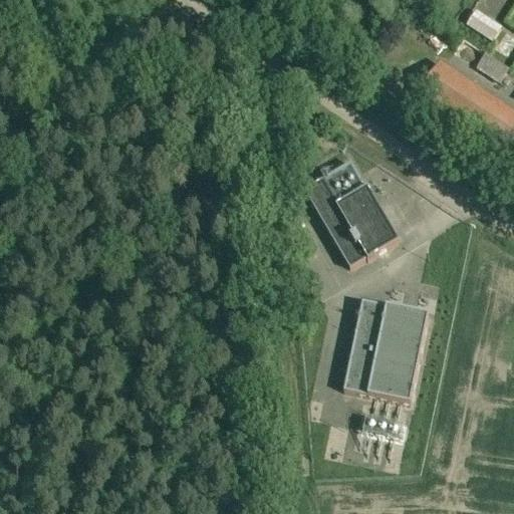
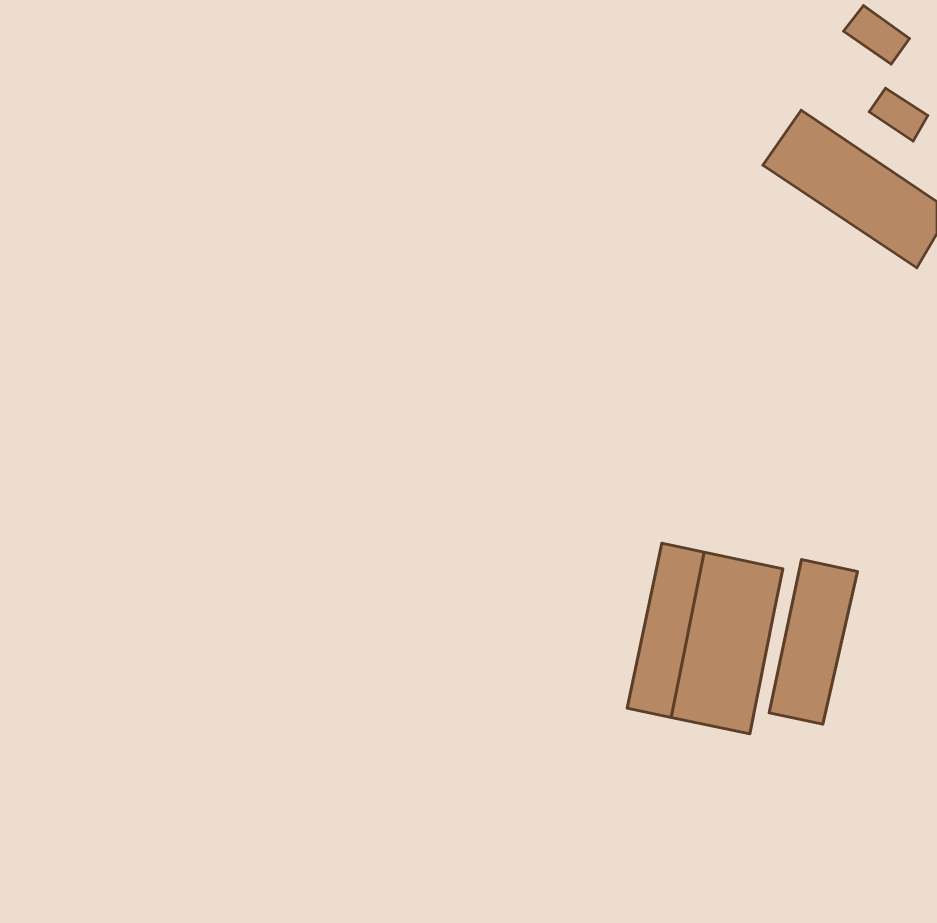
building: [304,159,399,264] -> none
building: none -> [769,560,858,724]

